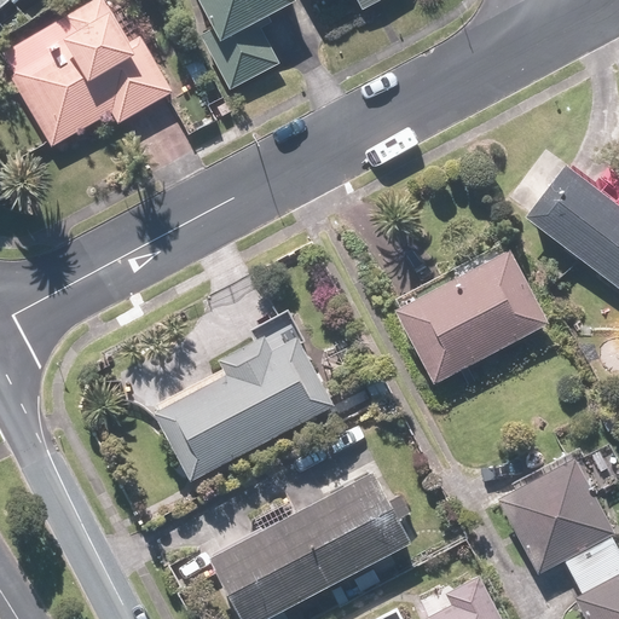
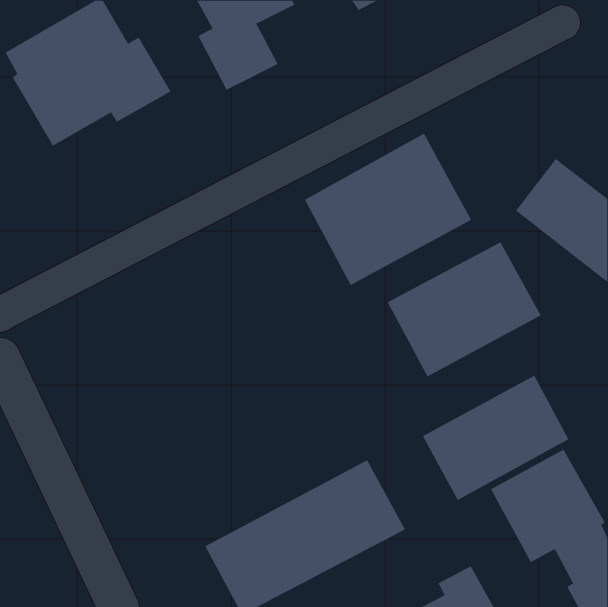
building: none -> [304,133,472,286]
building: [155,334,336,480] -> none
building: none -> [422,375,569,501]

